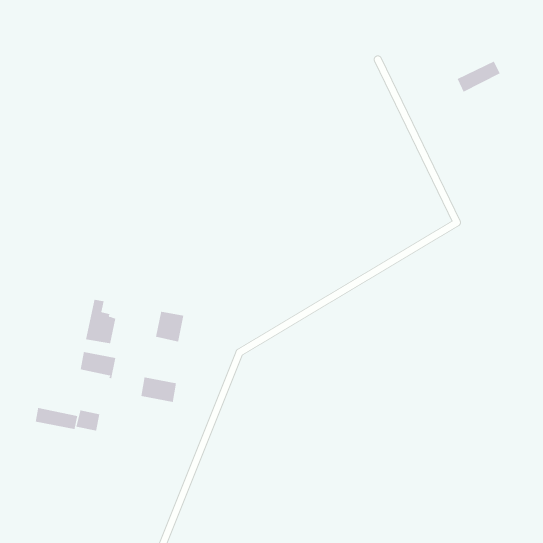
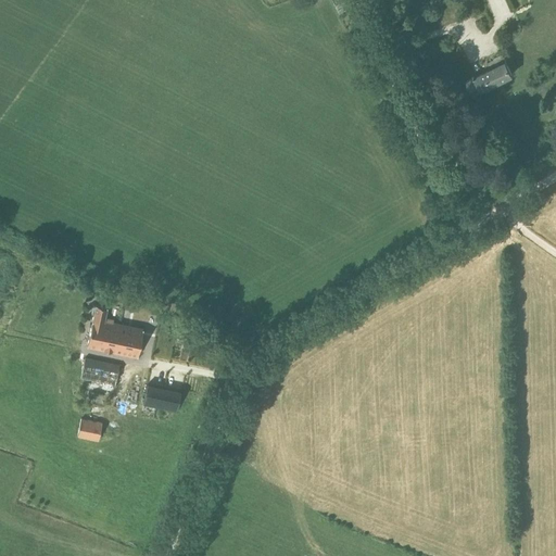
building: [155,311,184,342] -> [114,326,143,357]
building: [35,407,78,430] -> none

